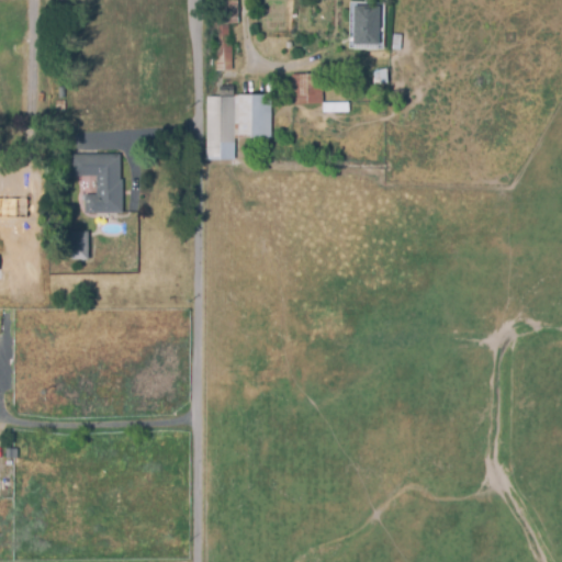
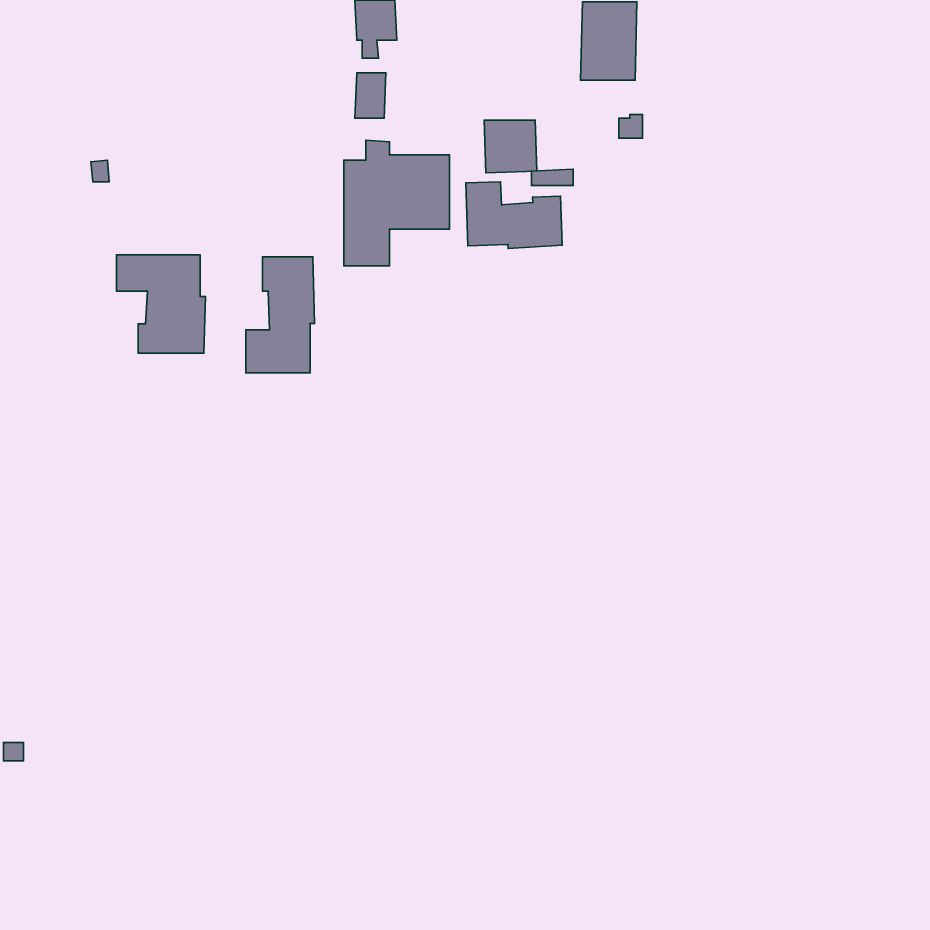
building: none -> [466,182,562,248]
building: none -> [246,257,314,373]
building: [70,231,89,261] -> none

